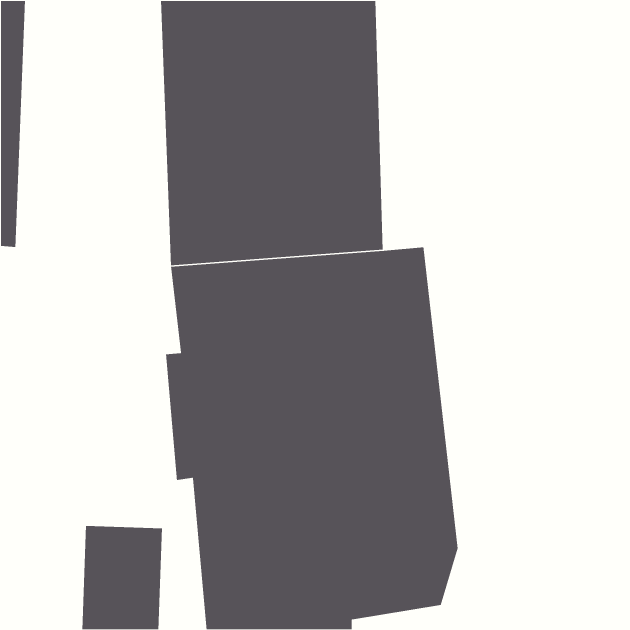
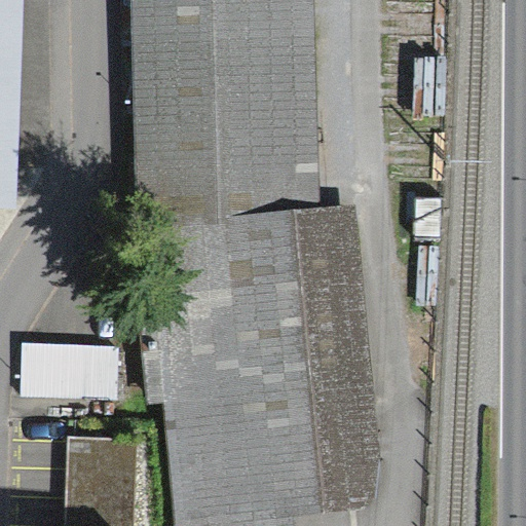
building: none -> [20,341,122,401]

